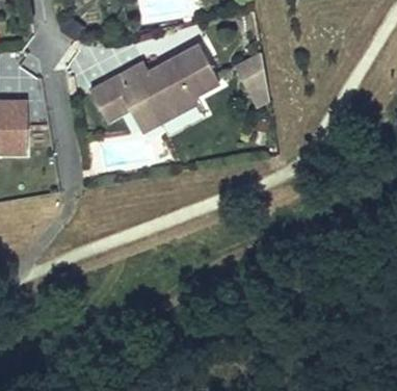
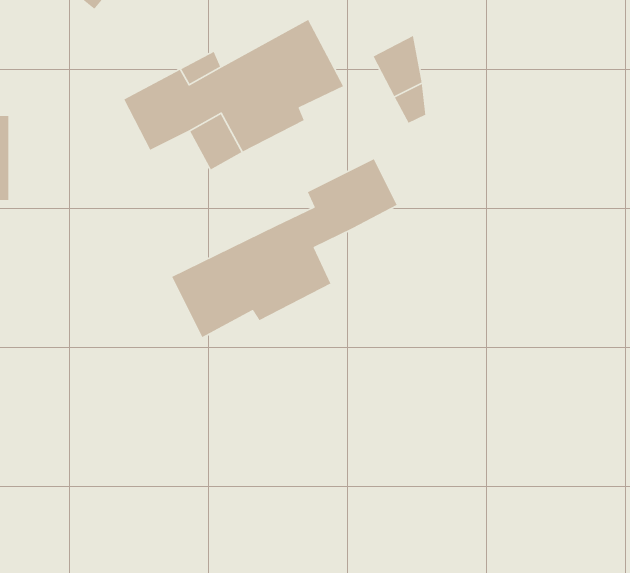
building: none -> [171,158,398,338]

